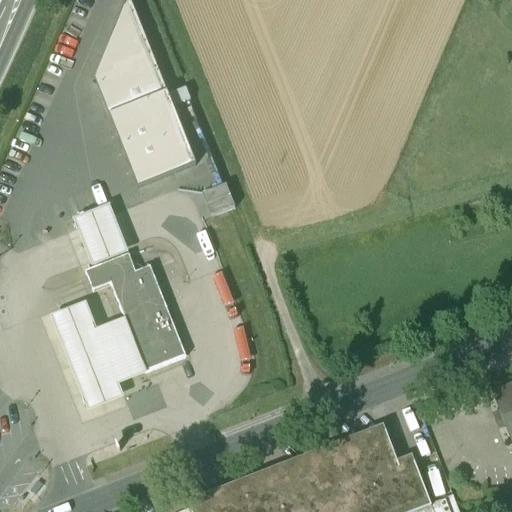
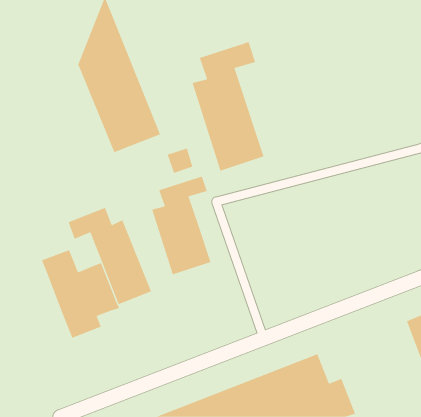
building: none -> [192,41,264,171]
building: [71,202,129,266] -> none
building: none -> [151,176,211,275]

